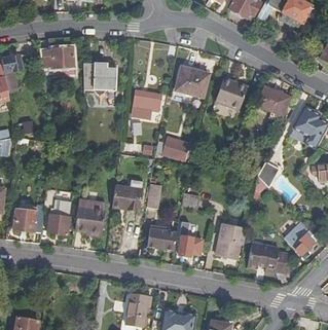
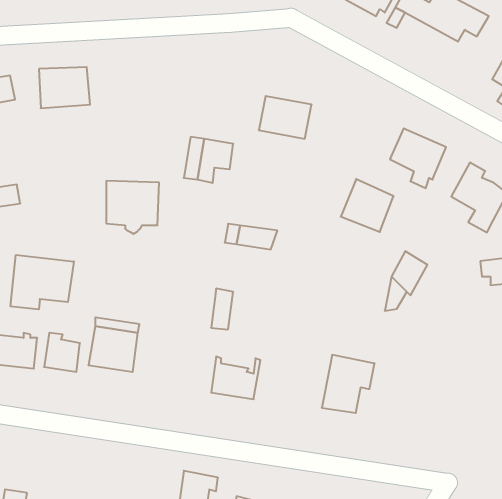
building: [83,64,115,96] -> [106,181,159,234]
building: [214,77,246,109] -> [341,179,394,232]
building: none -> [11,255,74,309]
building: [111,179,142,211] -> none
building: [290,221,317,255] -> none
building: [178,222,199,256] -> none
building: [247,242,288,274] -> none

